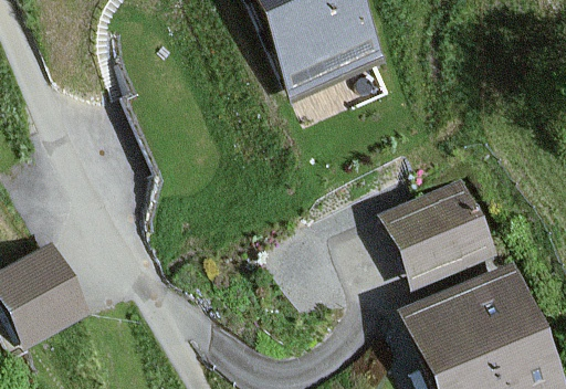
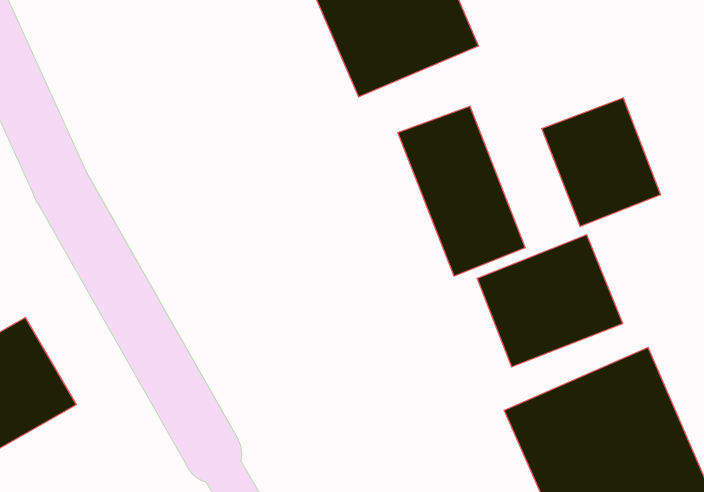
building: none -> [542,98,661,227]
building: none -> [398,106,525,276]

